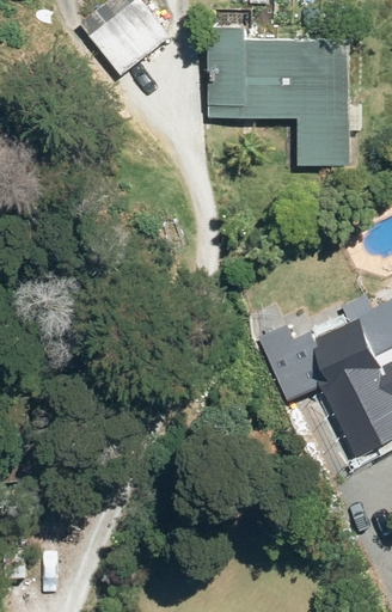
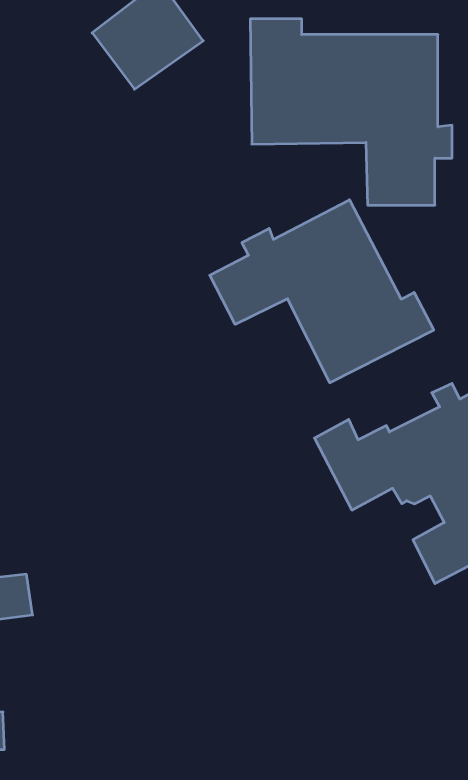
building: none -> [210,200,434,383]

